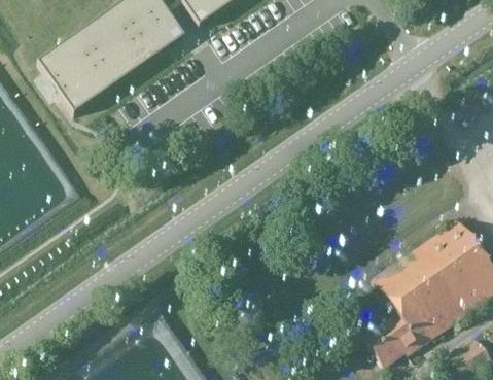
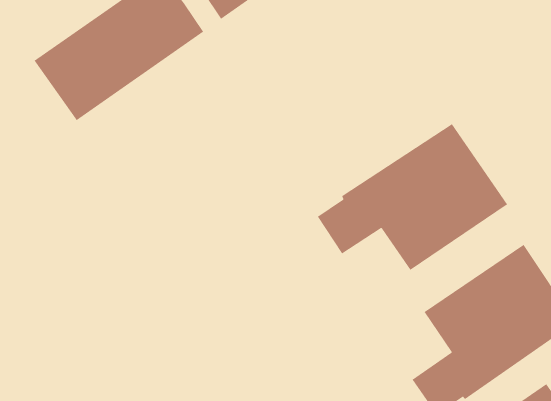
building: none -> [317,123,508,271]

